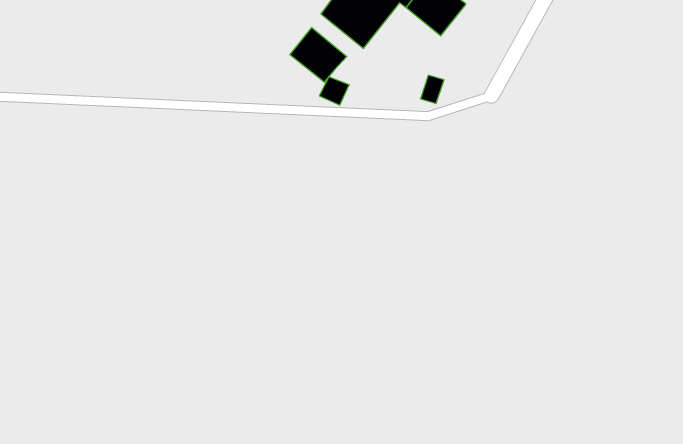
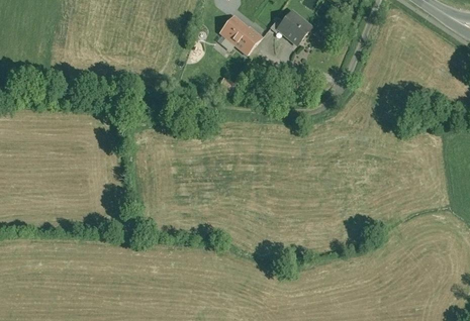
building: [290,27,347,82] -> none

